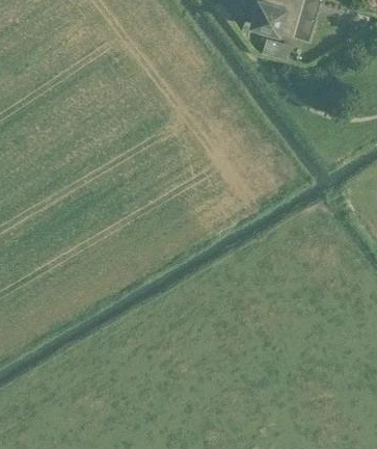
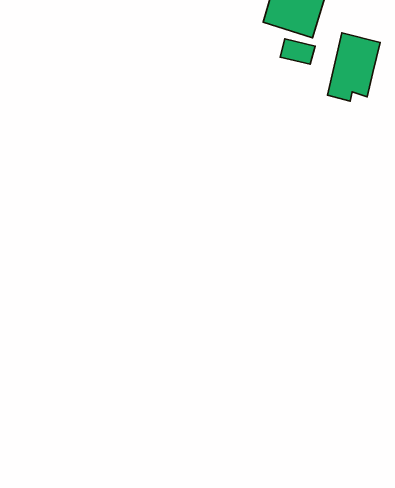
building: none -> [327,33,380,101]

